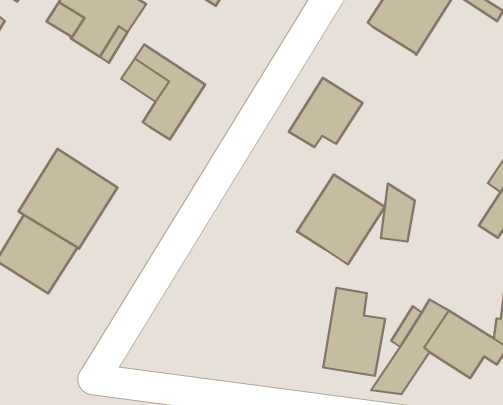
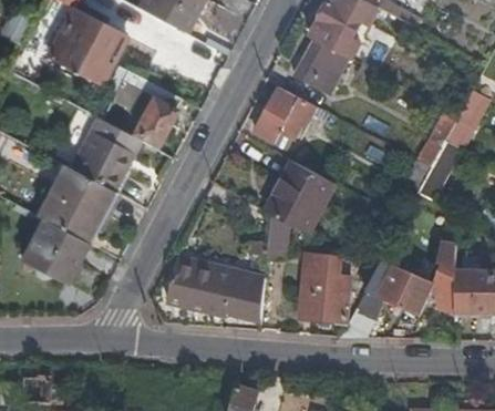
building: none -> [292,37,352,90]
building: none -> [76,114,138,185]
building: [381,183,415,242] -> [266,210,291,257]
building: none -> [169,260,264,315]

